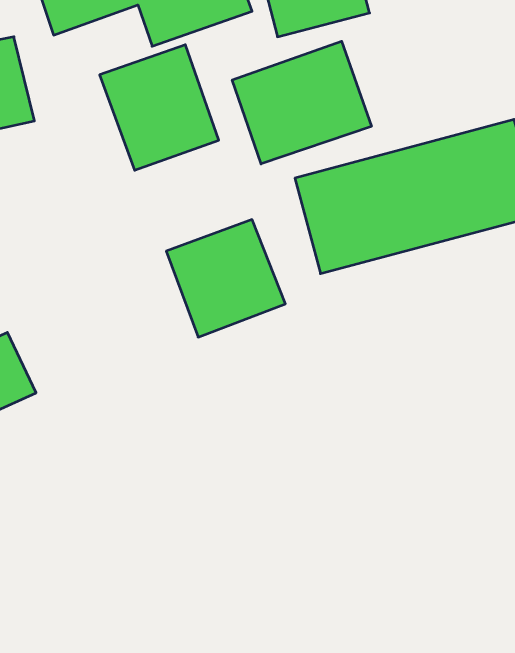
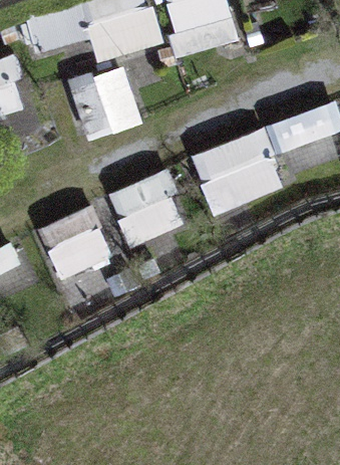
building: [232,41,371,164] -> none
building: none -> [41,209,111,277]

